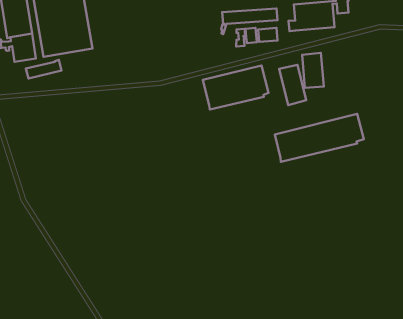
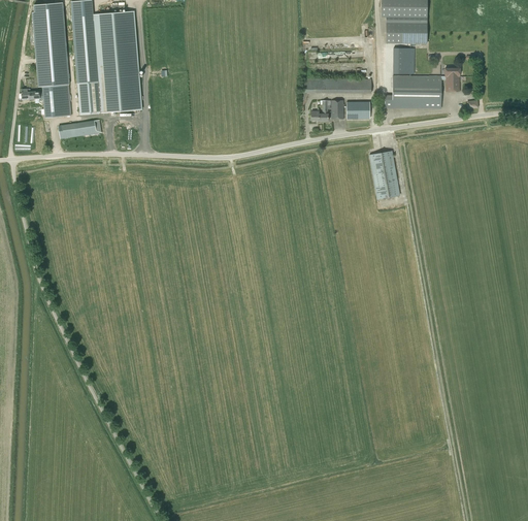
building: [302,53,324,88] -> none
building: [203,65,268,110] -> none
building: [275,114,364,162] -> none

